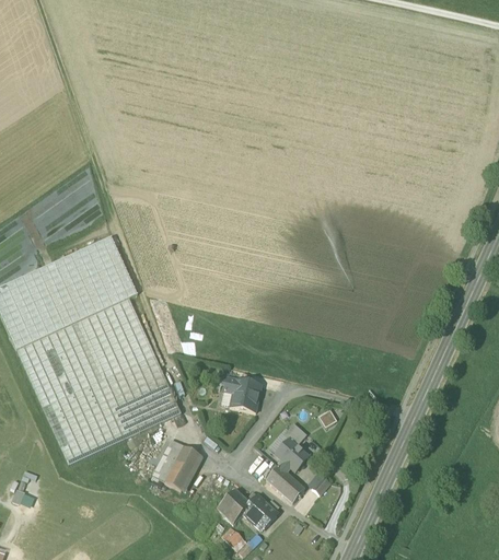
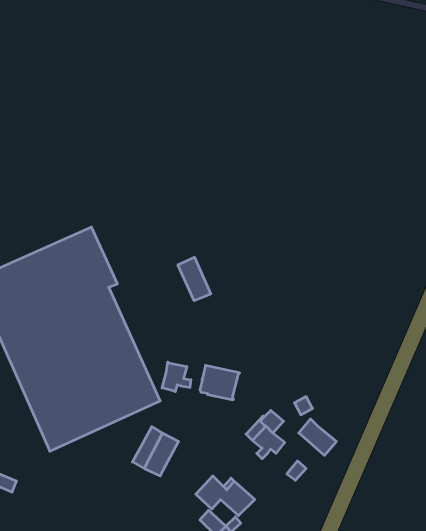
building: none -> [178,257,211,301]
building: none -> [162,362,191,392]
building: [266,465,304,502] -> [299,419,336,455]

